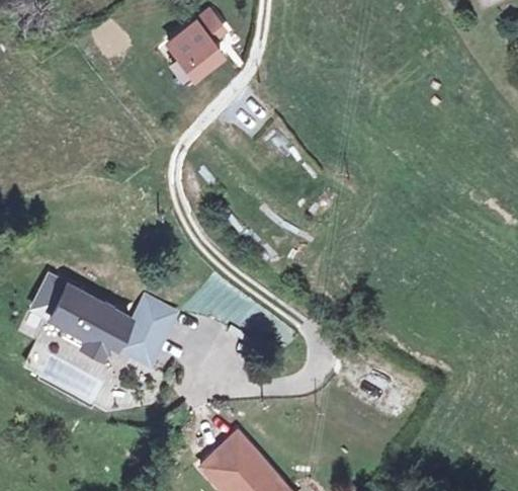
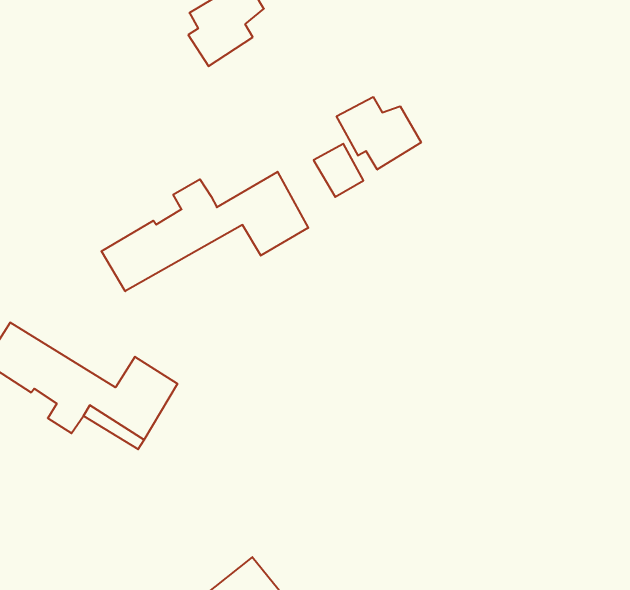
building: none -> [337,97,421,170]
building: none -> [101,172,308,291]

